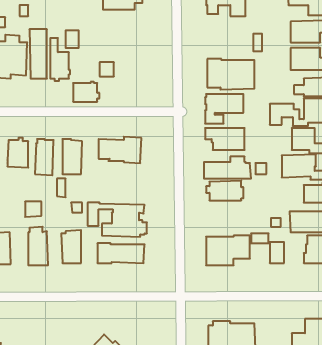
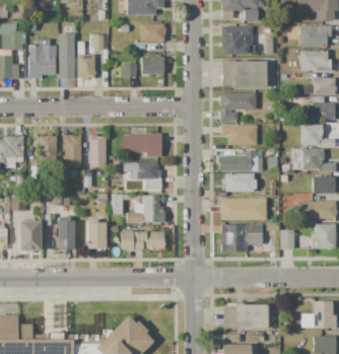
building: none -> [138,23,165,41]
building: none -> [221,25,252,54]
building: [73,82,99,102] -> [141,55,165,73]
building: none -> [123,161,161,189]
building: none -> [220,198,266,220]

